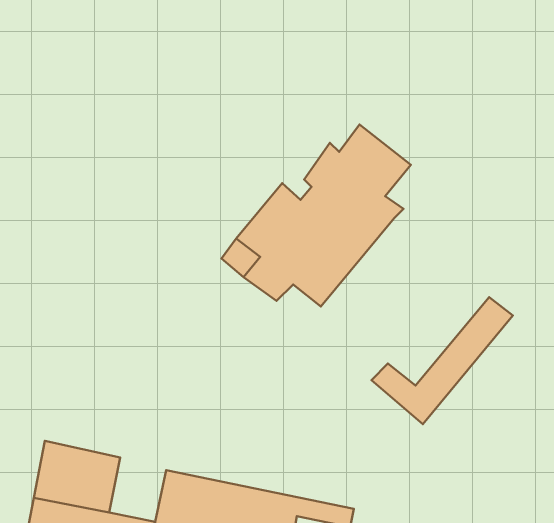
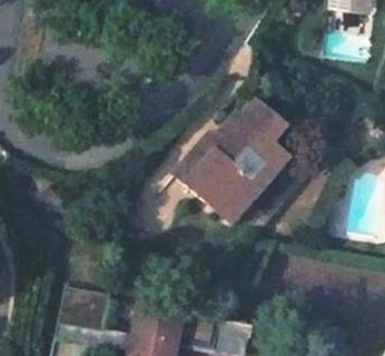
building: [371,297,513,424] -> [205,150,290,227]

